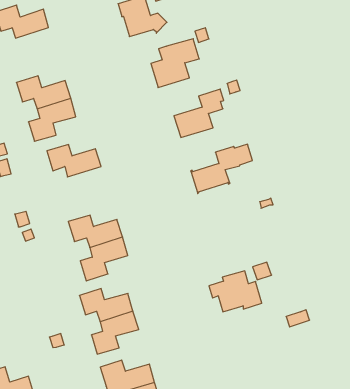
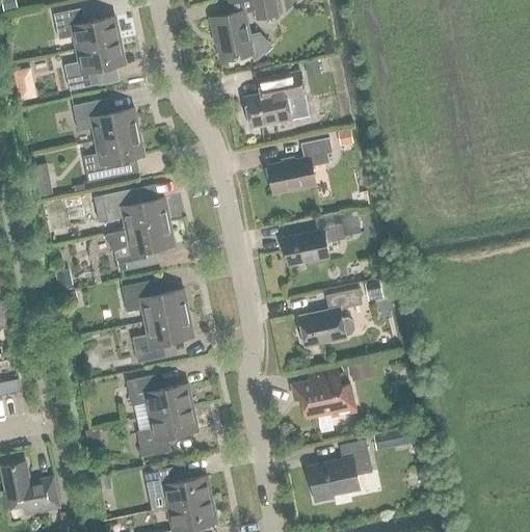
building: none -> [64,41,125,90]
building: none -> [104,221,174,272]
building: none -> [298,290,362,347]
building: none -> [309,441,372,502]

